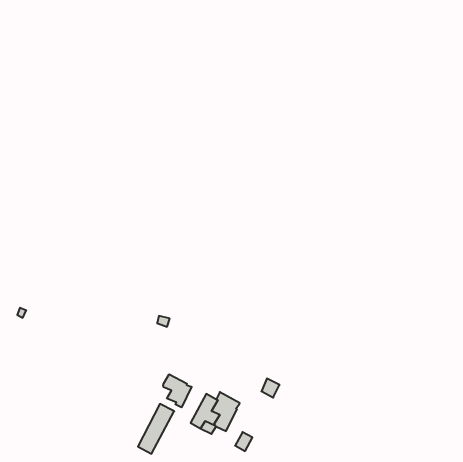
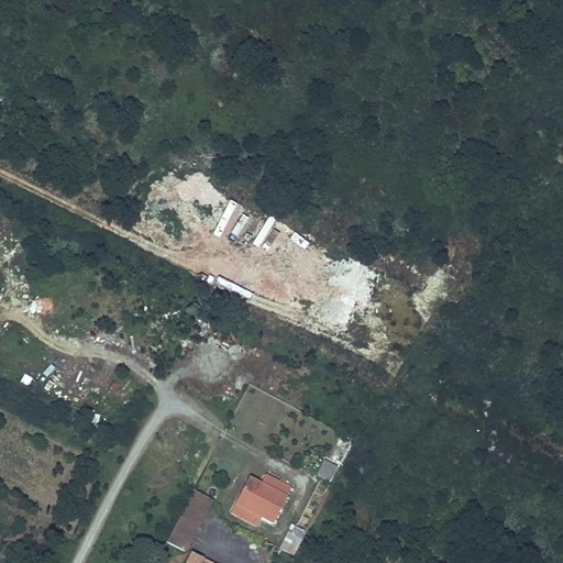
building: [163,374,192,407] -> none

